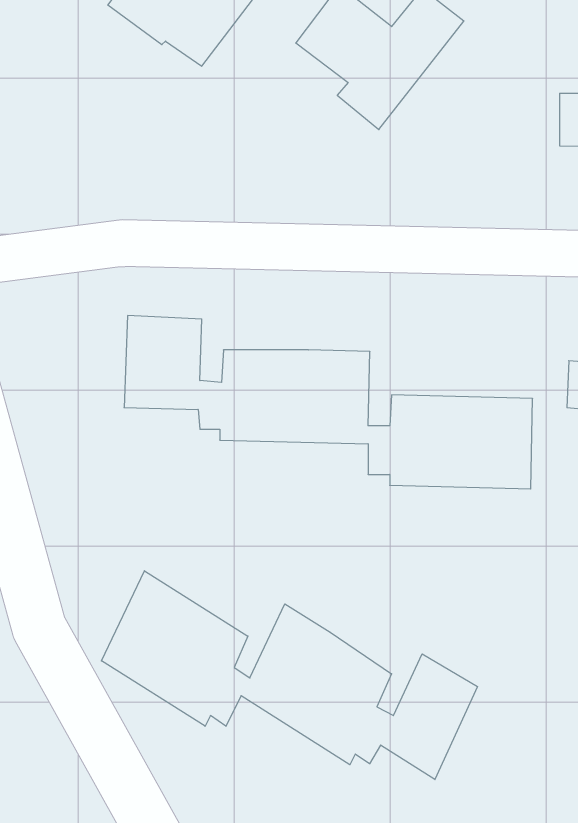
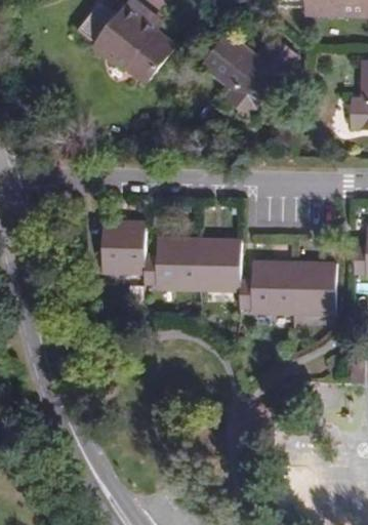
building: [101,571,478,780] -> none

